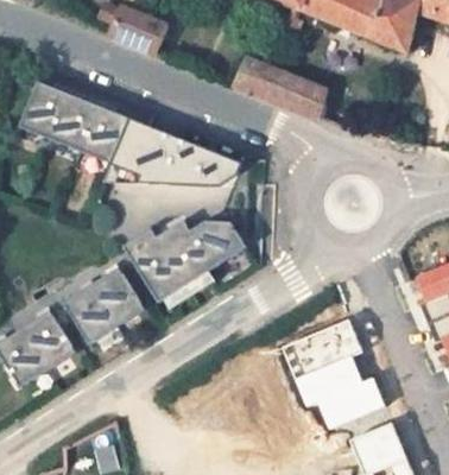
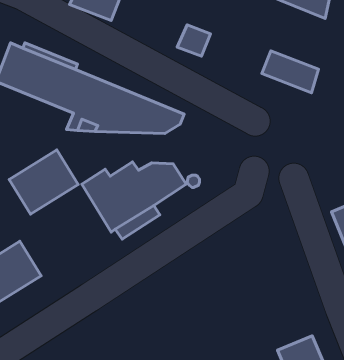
building: [263,70,329,119] -> [262,51,319,93]
building: [63,270,144,344] -> [9,150,78,214]
building: [282,319,385,429] -> none

